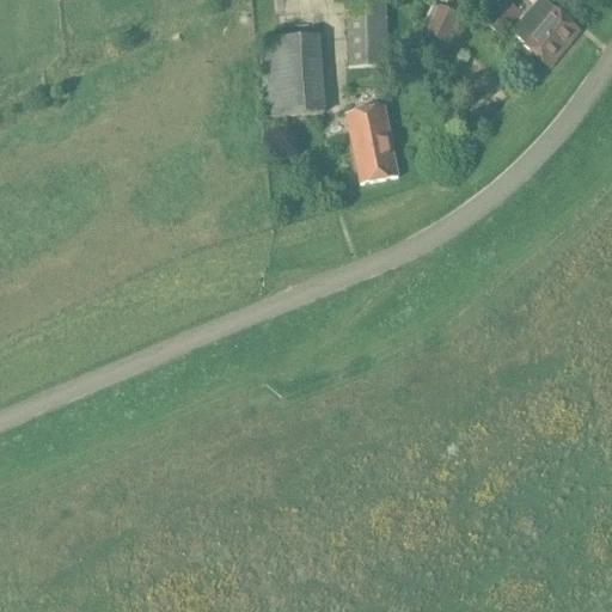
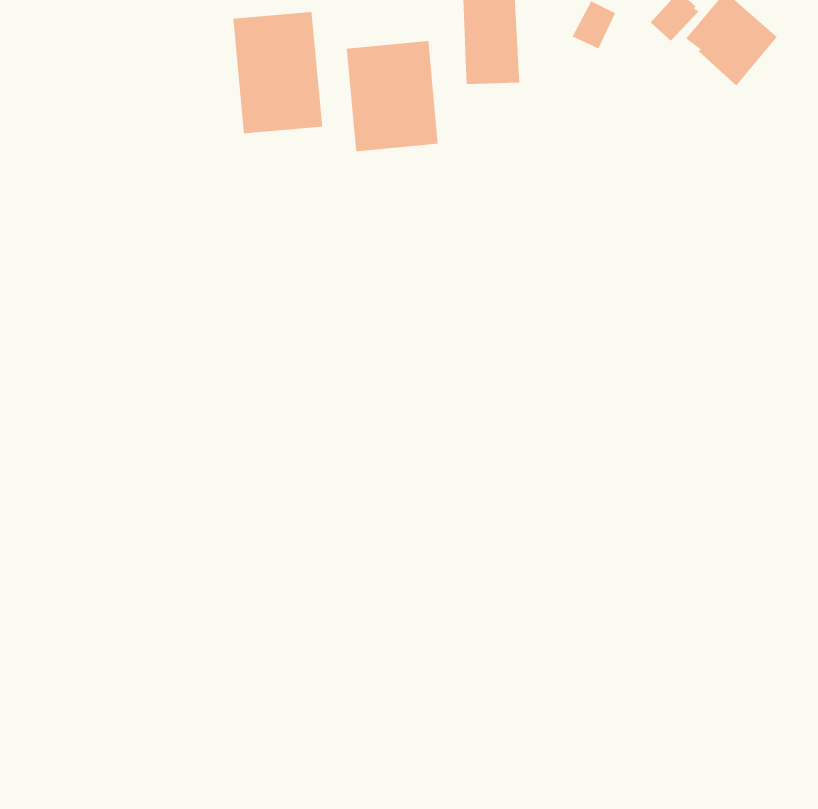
building: none -> [232,11,323,134]
building: [345,104,398,180] -> none

